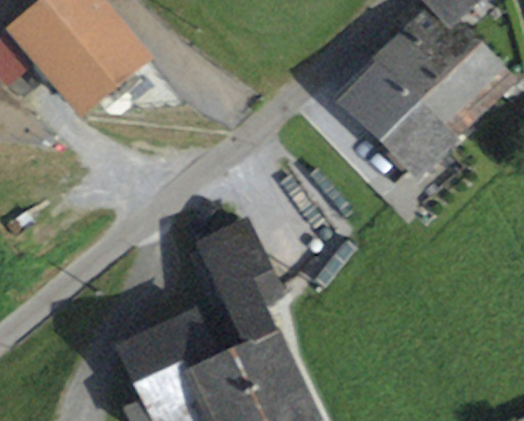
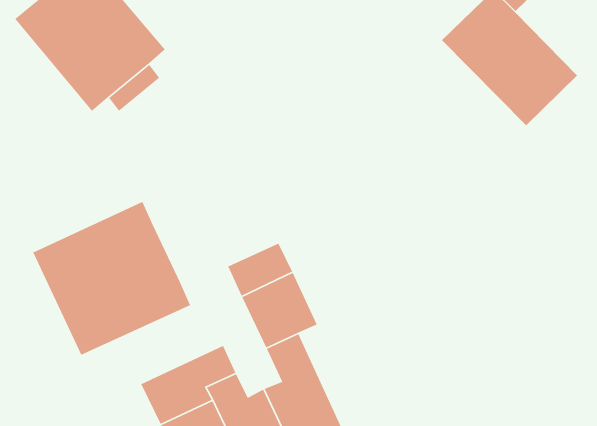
building: [339,49,457,168] -> none
building: none -> [32,201,191,356]

